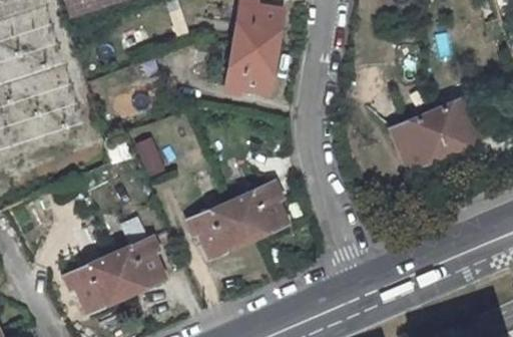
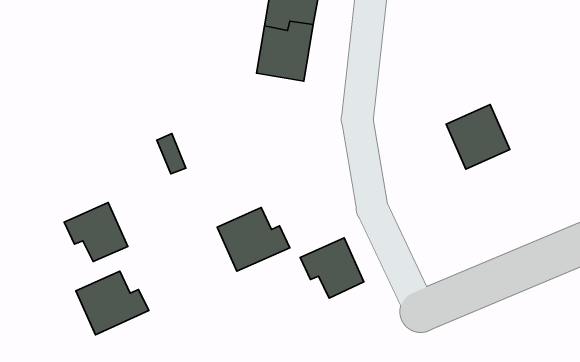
building: [431,94,487,150] -> none
building: [232,184,288,236] -> [300,238,364,298]
building: [110,239,165,290] -> [64,203,128,262]

